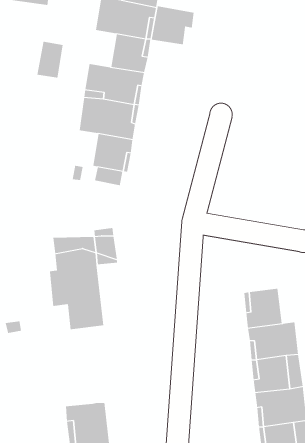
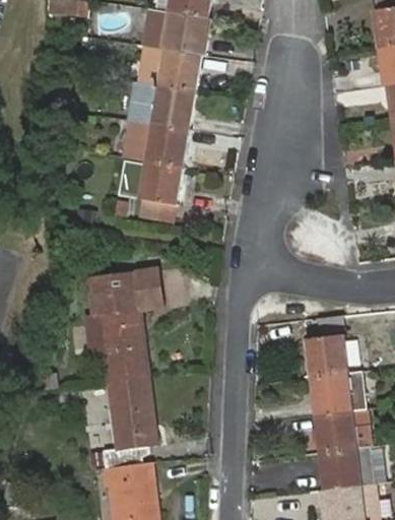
building: [151,5,194,45] -> none
building: [36,41,64,78] -> [132,46,162,87]
building: none -> [104,377,155,467]

